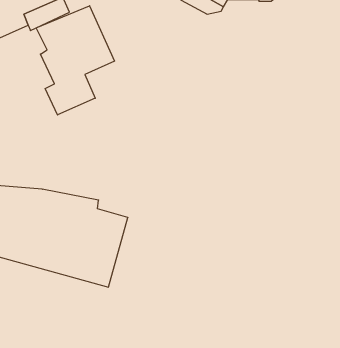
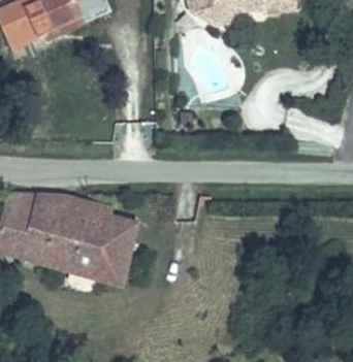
building: [36,6,115,115] -> none

